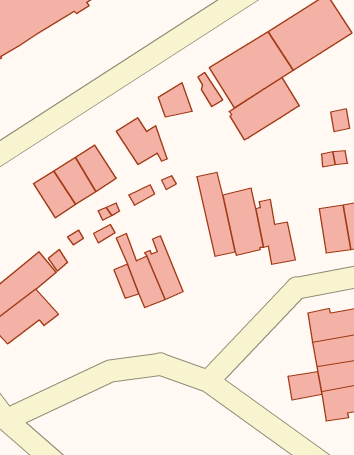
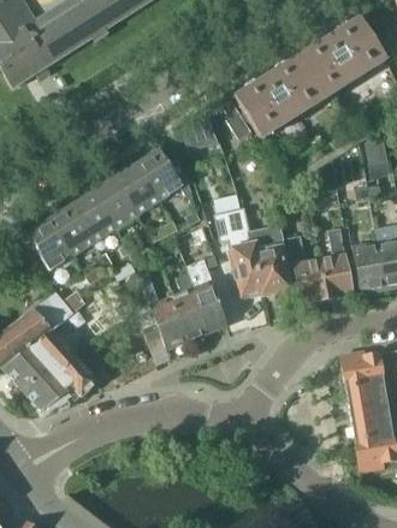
building: [229,77,299,140] -> none
building: none -> [114,162,160,212]
building: none -> [26,218,72,268]
building: none -> [319,227,352,298]
building: none -> [184,254,227,332]
building: none -> [22,356,105,409]
building: [288,371,322,400] -> none

